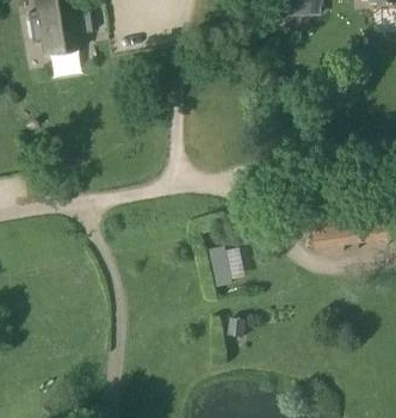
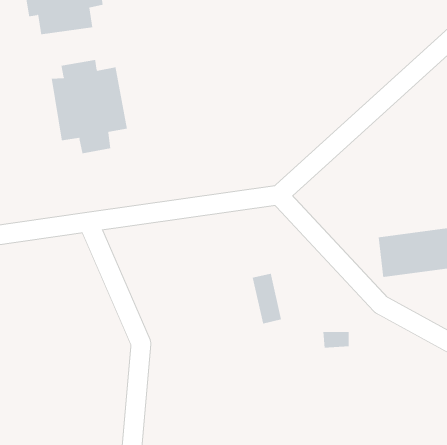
building: none -> [51,59,128,154]

